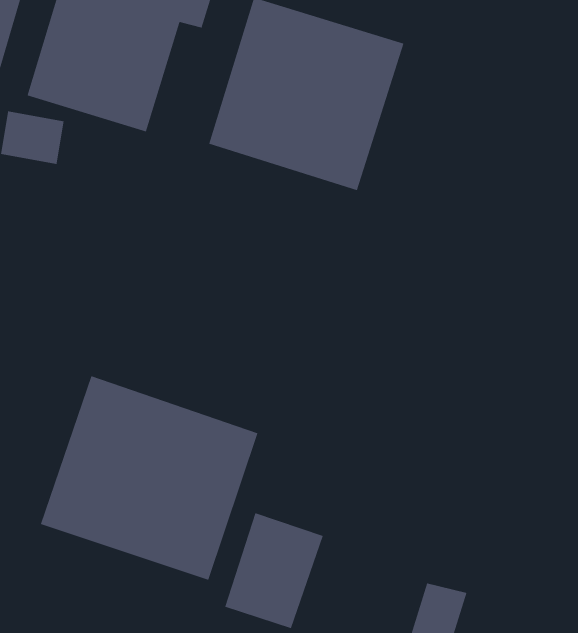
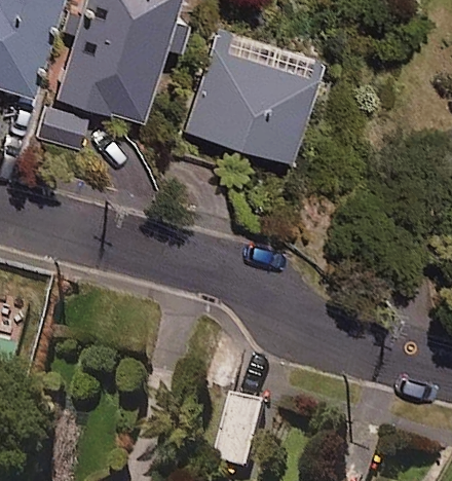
building: [40,375,259,581] -> none

